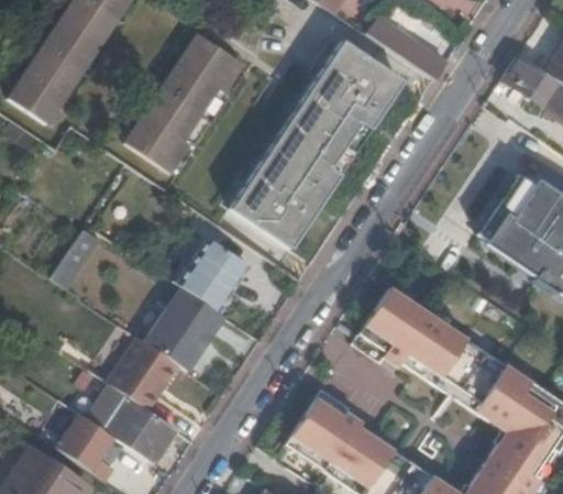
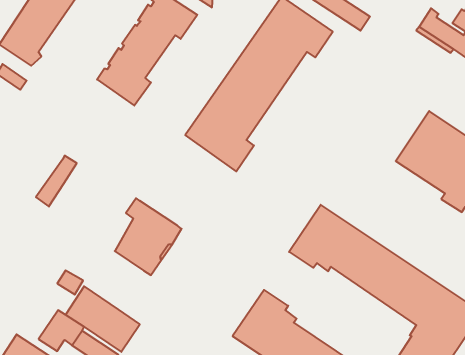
building: [176,237,249,311] -> none
building: [110,339,180,411] -> none

